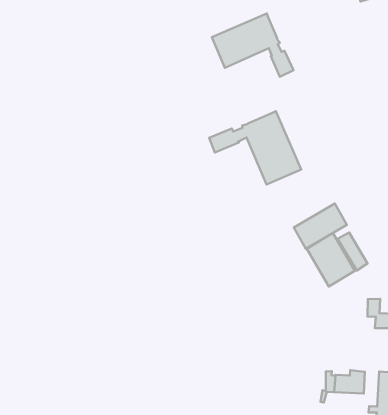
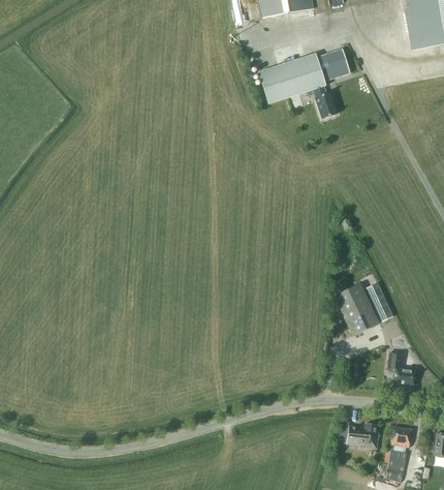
building: none -> [317,48,350,80]
building: [209,111,301,185] -> none
building: [294,204,347,249] -> none

